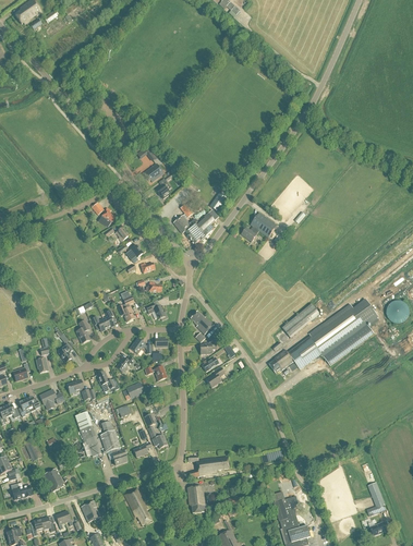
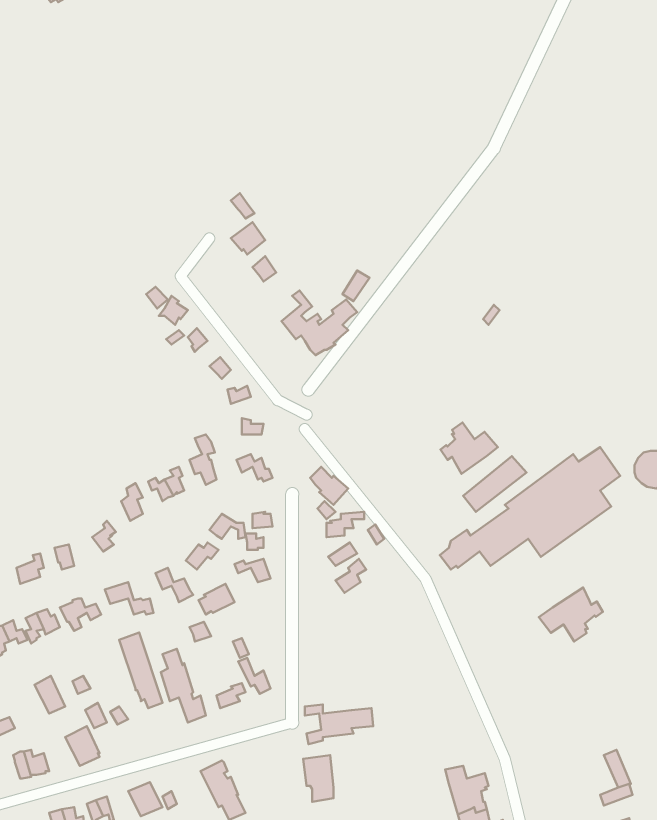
building: [241,213,276,241] -> none
building: none -> [440,423,498,474]
building: none -> [539,588,603,641]

